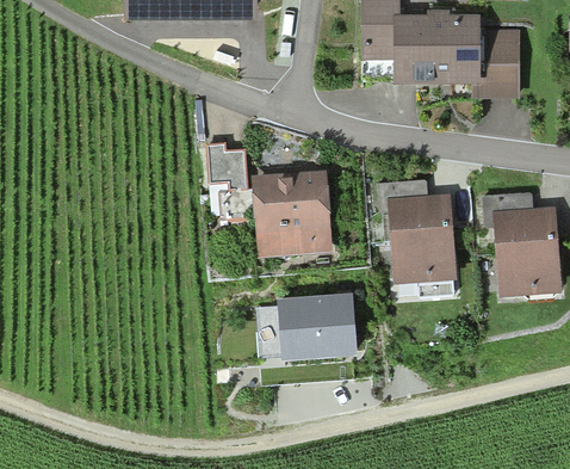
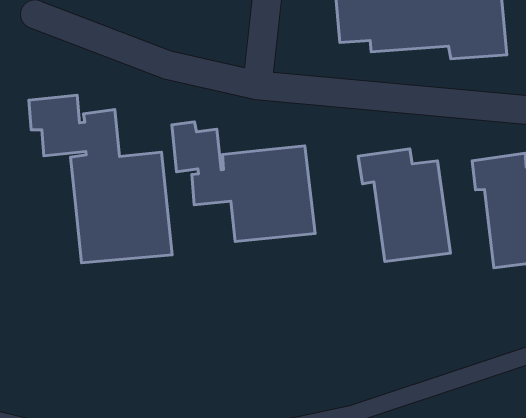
building: none -> [29,95,172,263]
building: [258,292,357,381] -> none

